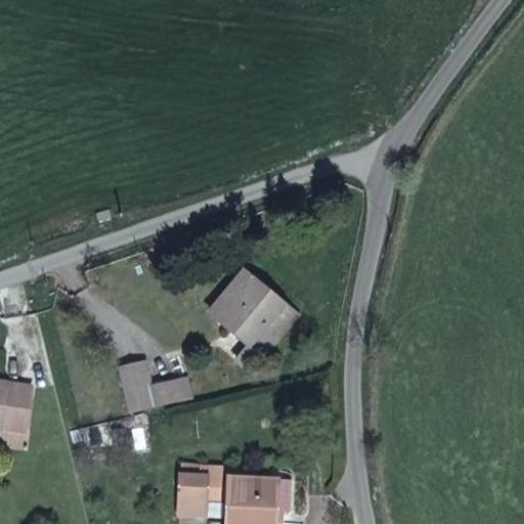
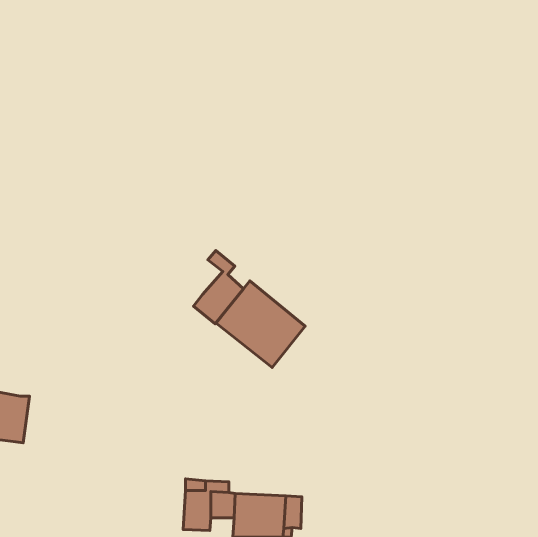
building: none -> [194,251,244,324]
building: [120,360,180,411] -> none

